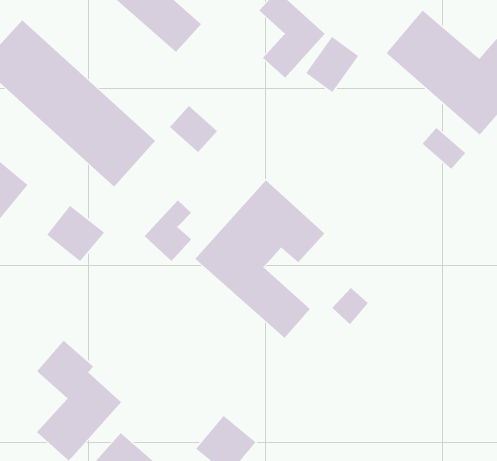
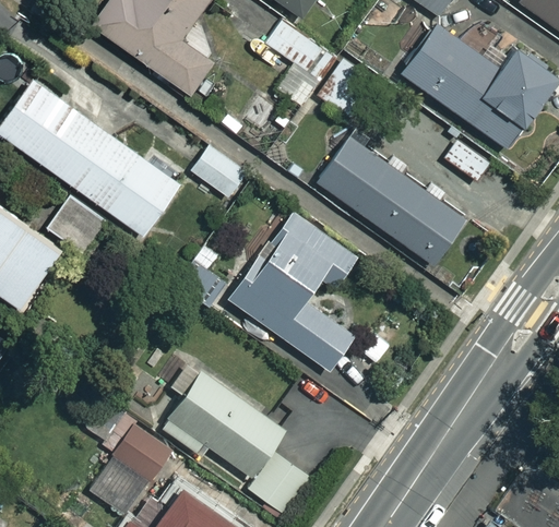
building: none -> [317,125,466,265]
building: [46,205,105,262] -> [48,196,107,253]
building: none -> [158,364,285,477]

